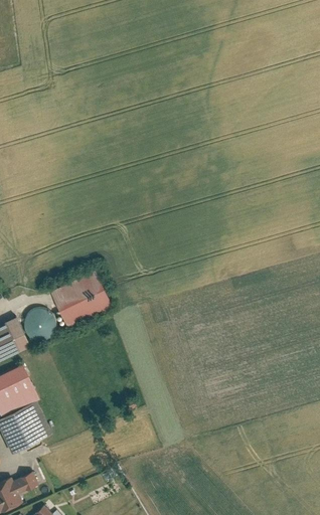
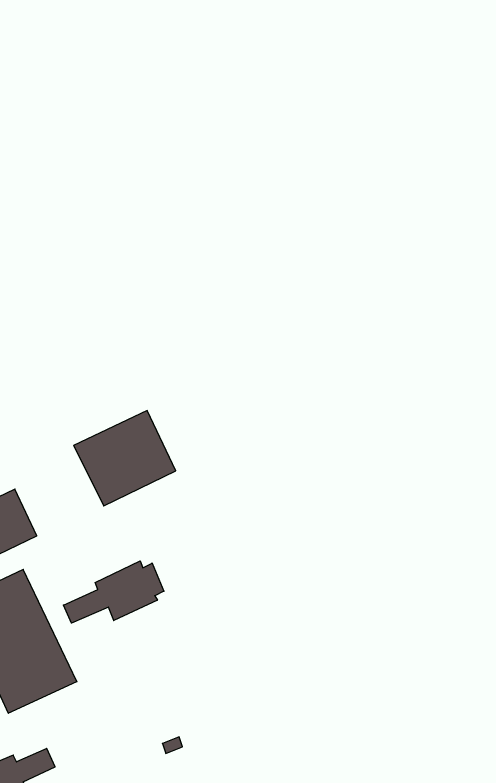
building: [22,308,55,341] -> none
building: none -> [63,561,164,623]

